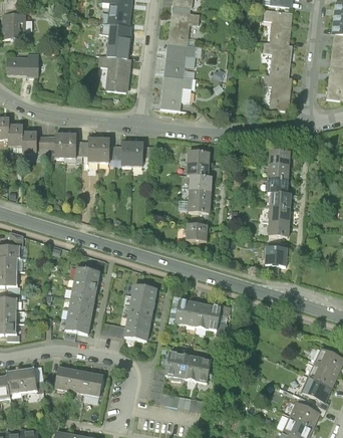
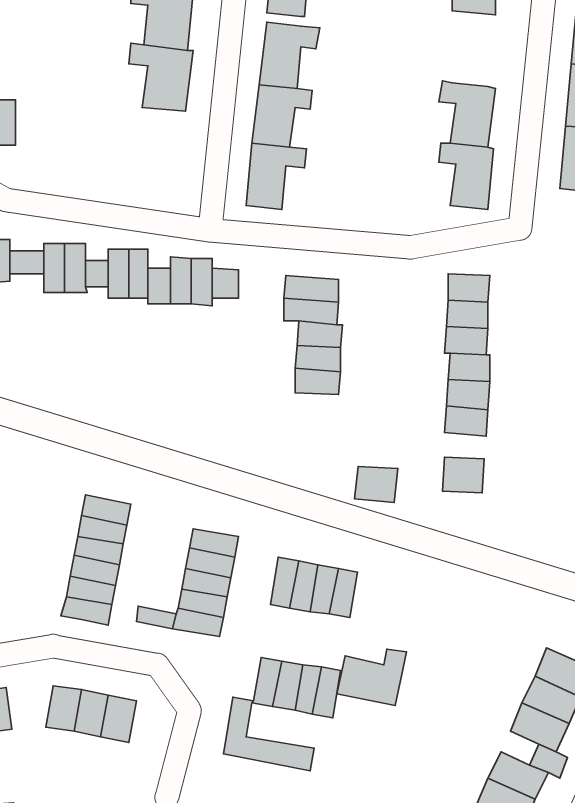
building: [263,12,293,47] -> none
building: [98,57,130,93] -> none
building: [185,221,208,240] -> [354,467,398,502]
building: none -> [337,649,407,706]

